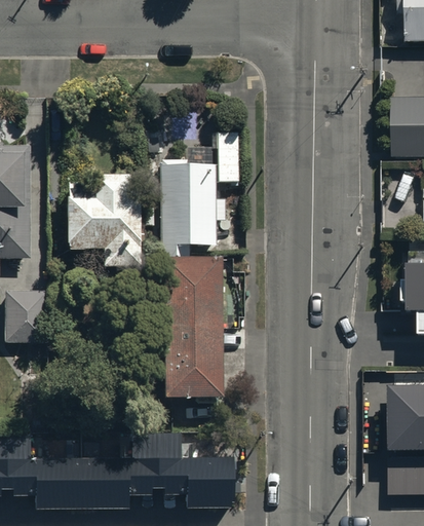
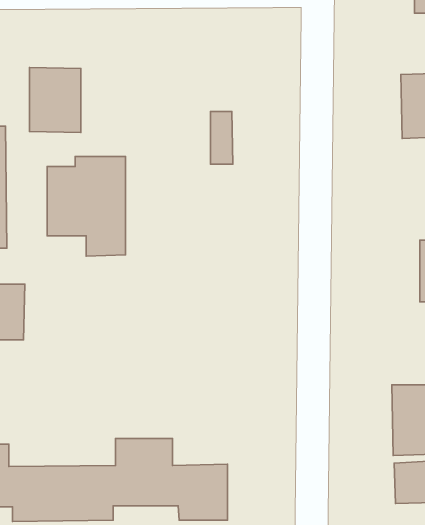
building: none -> [30,68,81,132]
building: [160,165,216,246] -> none
building: [164,258,221,397] -> none

